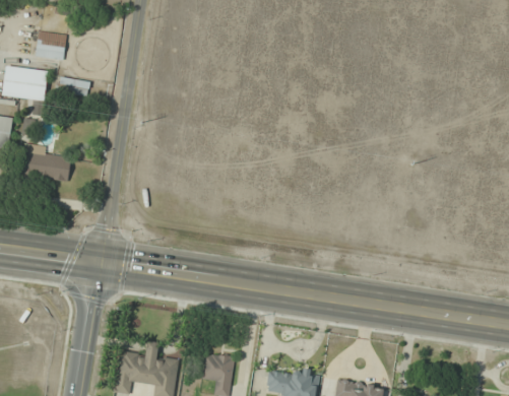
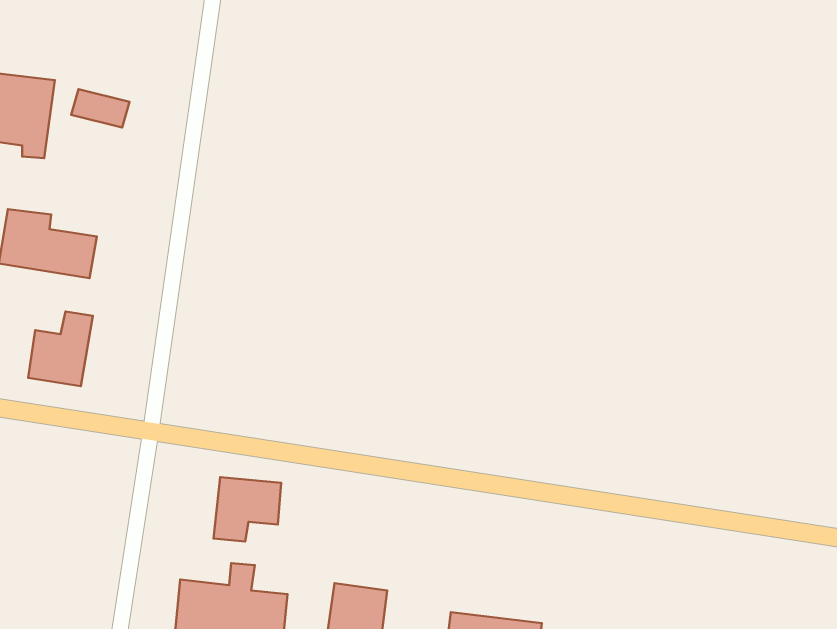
building: [35,31,66,61] -> none
building: none -> [28,312,93,386]
building: none -> [214,477,281,541]

